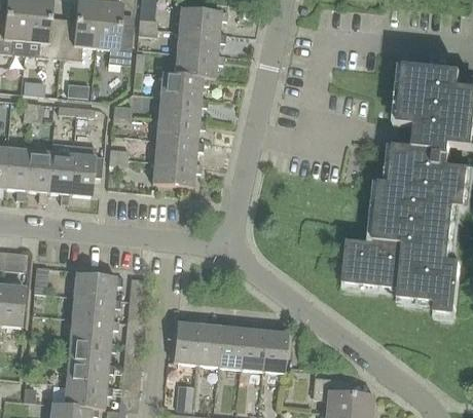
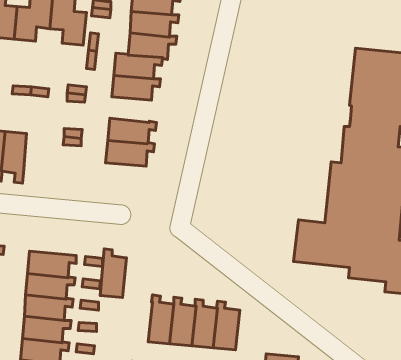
building: [155,116,205,142] -> none
building: [68,144,103,195] -> none
building: [172,314,198,364] -> [100,249,127,297]

